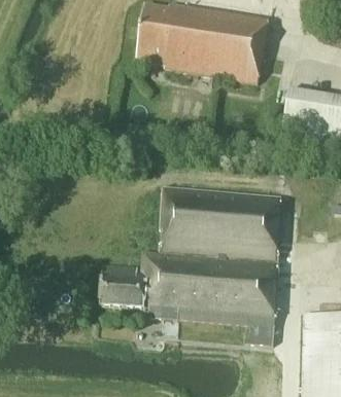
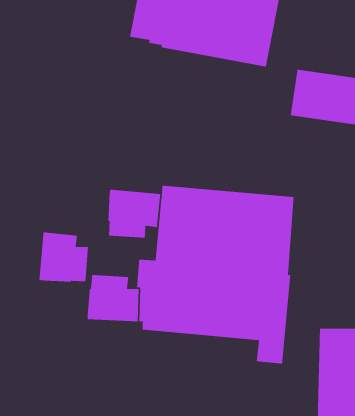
building: none -> [108,189,161,239]
building: none -> [39,232,89,283]

